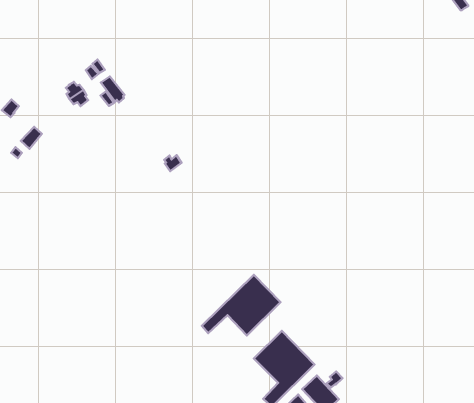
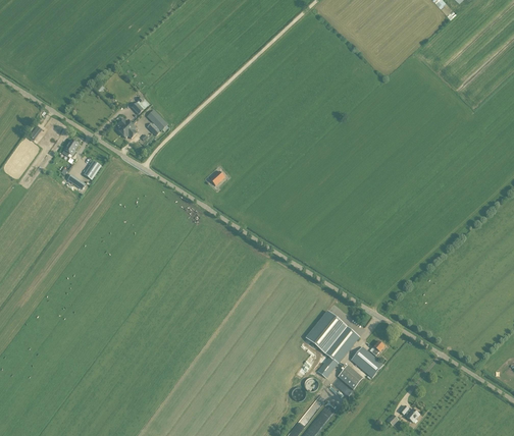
building: [202,275,281,336] -> none

